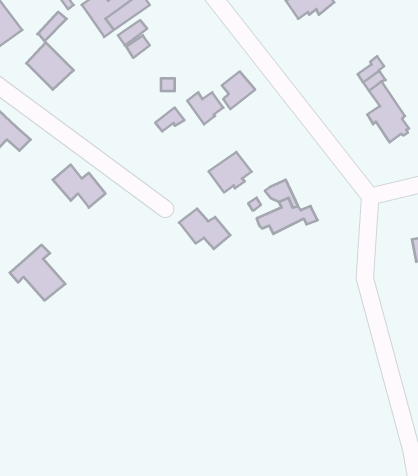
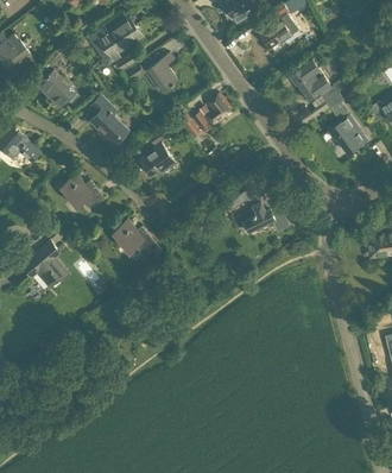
building: none -> [147,53,178,92]
building: none -> [290,61,329,100]
building: none -> [90,96,128,146]
building: [209,152,252,192] -> [138,144,175,178]
building: [179,209,230,249] -> [112,220,156,254]

